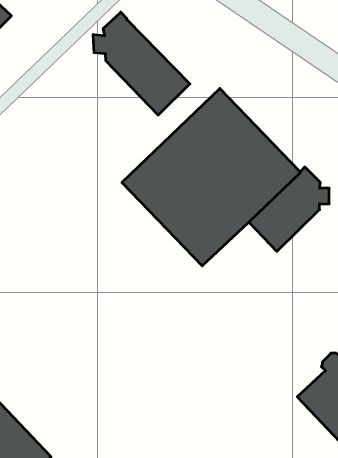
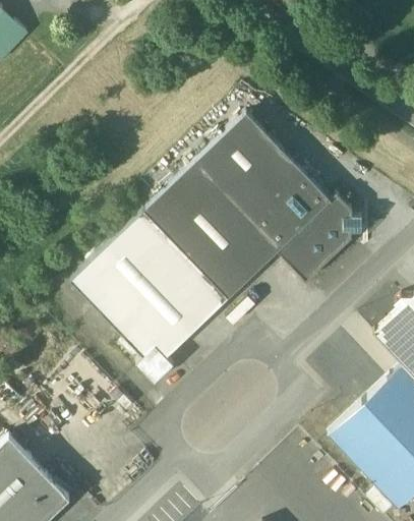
building: [93,12,190,115] -> none
building: none -> [71,210,229,383]

